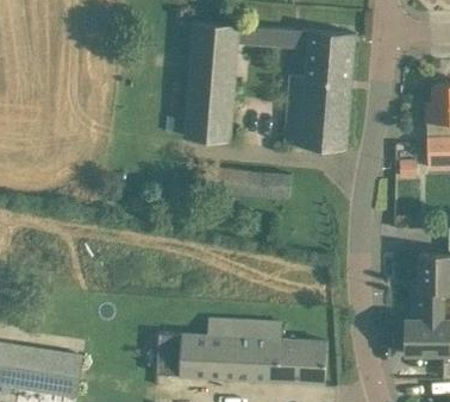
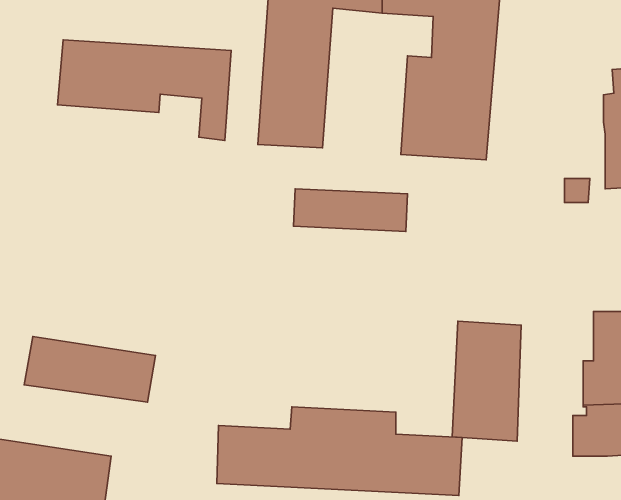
building: none -> [57,40,231,140]
building: none -> [452,321,521,441]
building: none -> [24,337,156,402]

